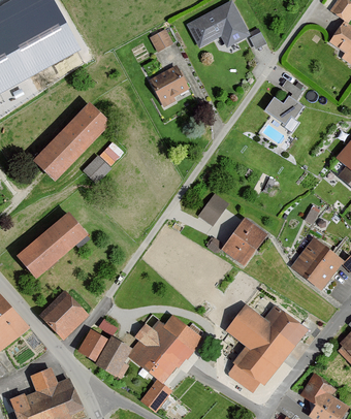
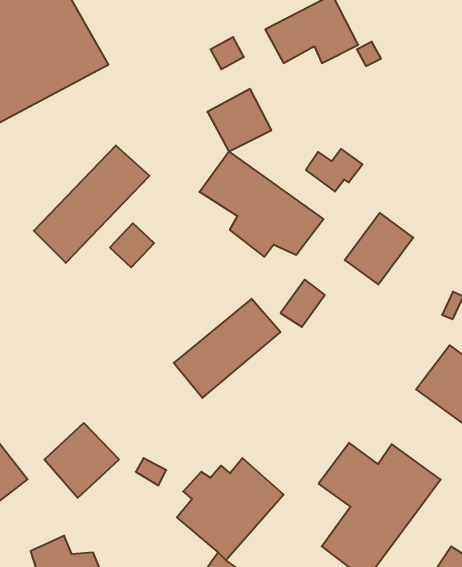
building: [264,95,302,124] -> [306,149,362,192]
building: none -> [199,152,323,257]
building: [13,212,86,279] -> [174,299,280,398]
building: [220,217,266,265] -> [345,213,413,285]
building: [74,328,130,376] -> none

